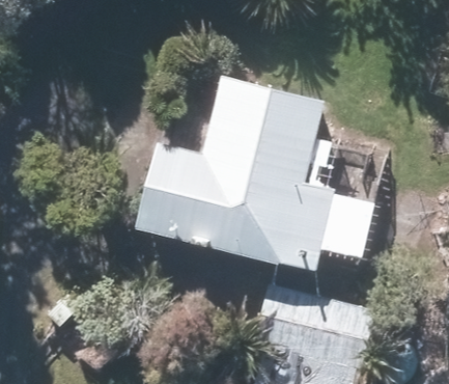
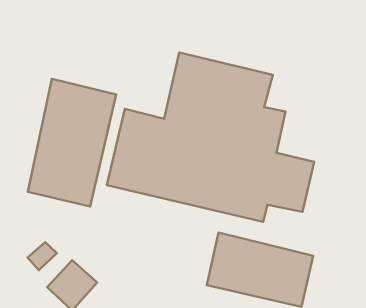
building: none -> [28,79,116,206]

